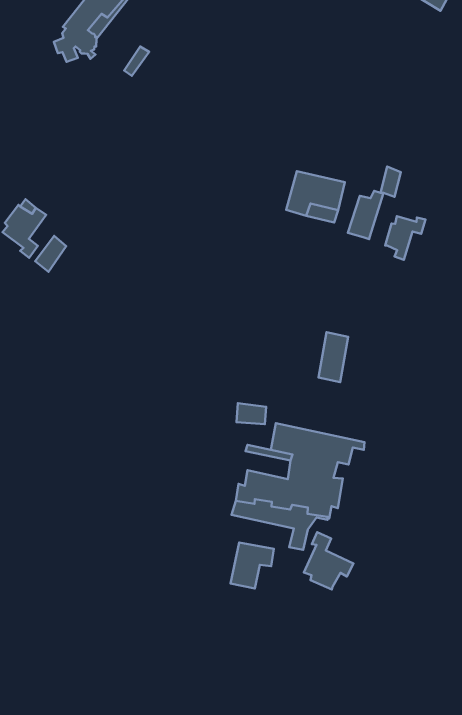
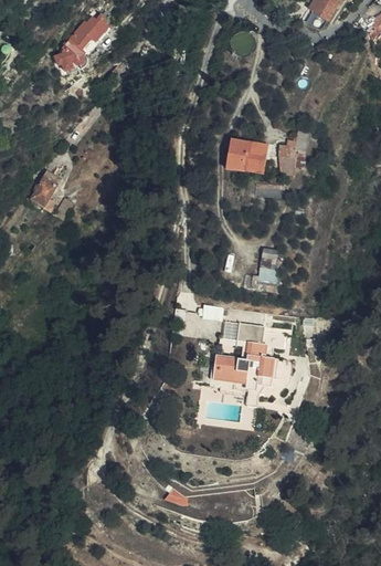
building: [385,216,426,260] -> none
building: [304,532,354,589] -> none
building: [230,543,274,589] -> none

